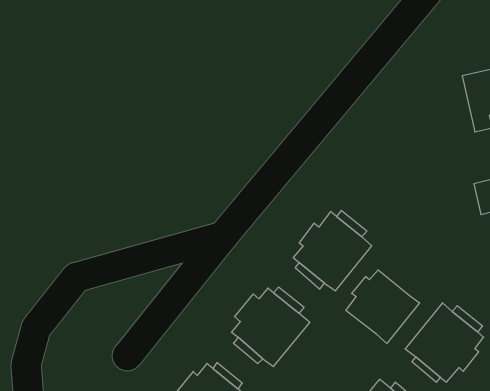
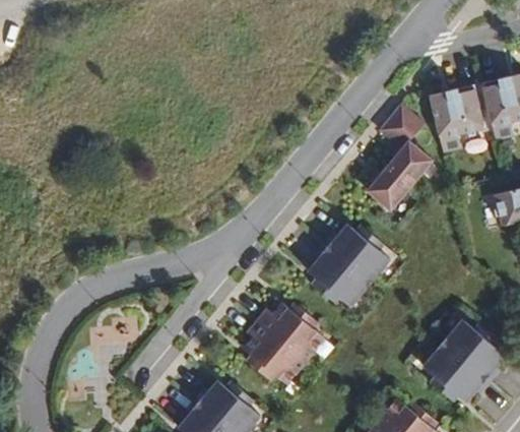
building: none -> [429,86,483,155]
building: none -> [369,104,433,210]
building: [346,270,420,343] -> none

